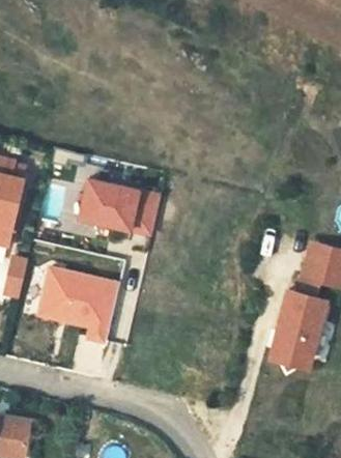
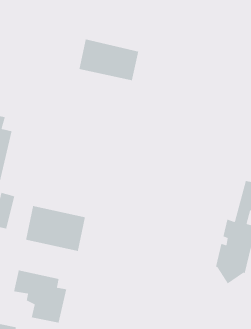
building: [80,181,155,234] -> [78,39,139,81]
building: none -> [13,270,67,324]

